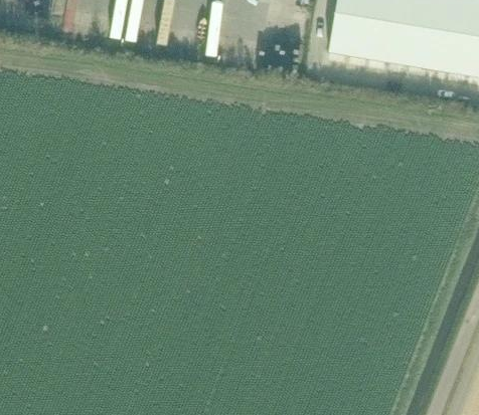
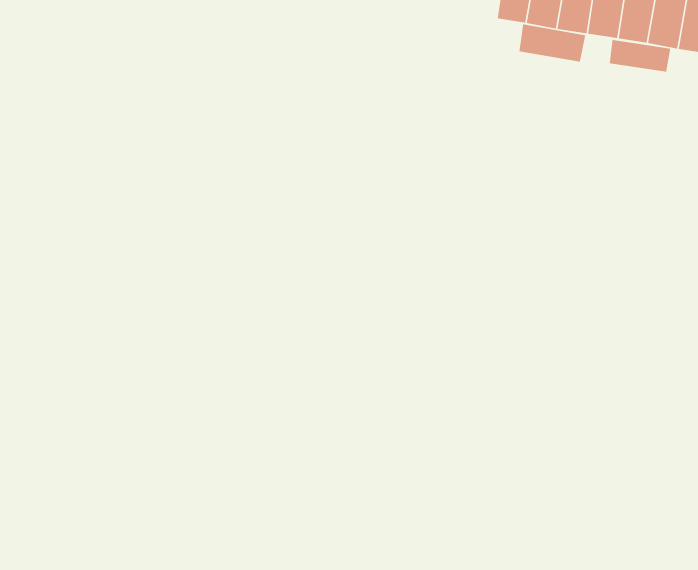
building: none -> [519,24,586,62]
building: none -> [609,39,671,72]

